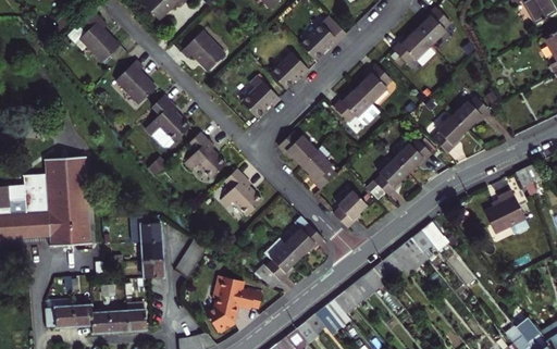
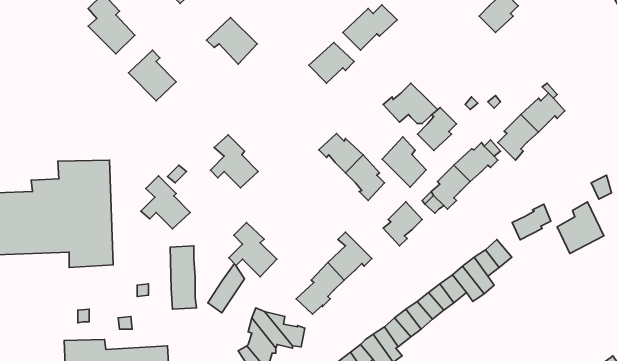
building: [393,29,430,63] -> none
building: [357,64,391,101] -> [417,108,457,150]
building: [240,79,278,116] -> none
building: [147,95,189,140] -> [141,176,190,229]
building: none -> [382,137,426,187]
building: [220,169,261,215] -> [229,223,277,277]
building: none -> [512,204,551,240]

